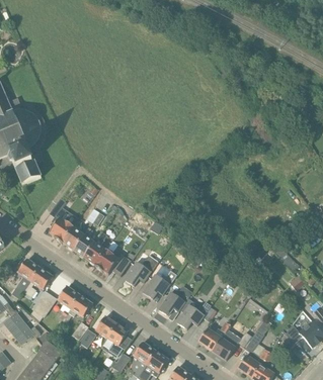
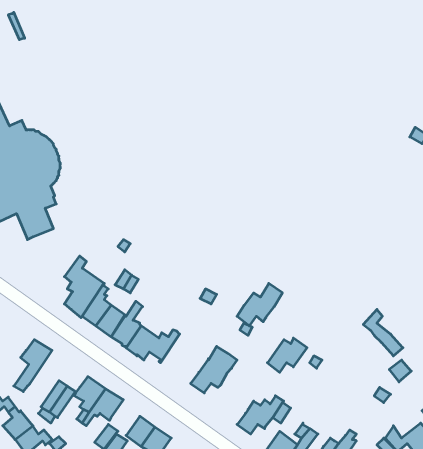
building: [124,254,157,285] -> [237,283,282,326]
building: [23,267,52,296] -> none
building: [158,290,187,315] -> [267,338,307,372]

